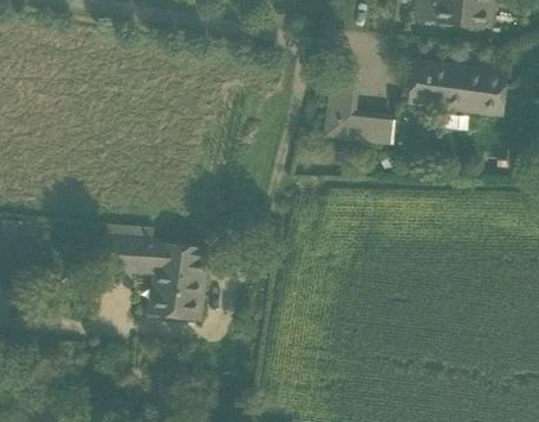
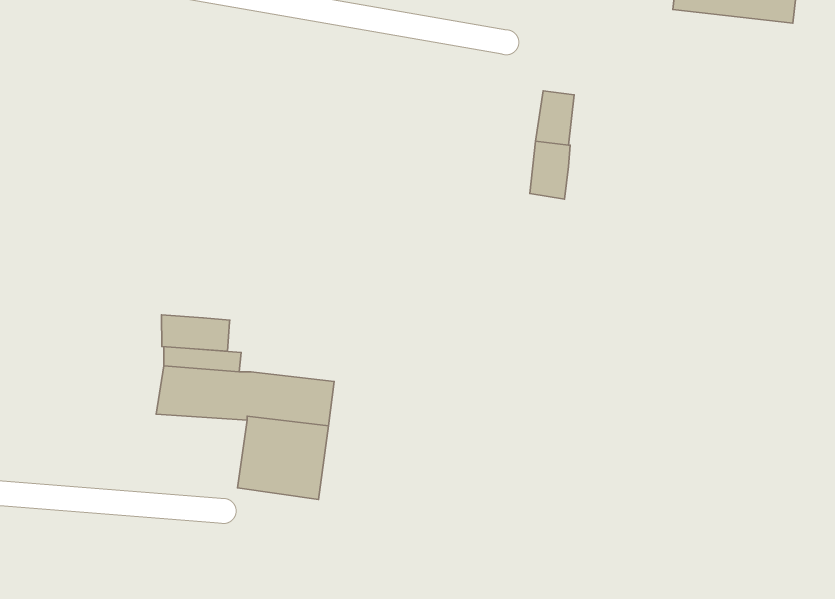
building: [408,63,507,115] -> none
building: [348,116,391,144] -> none
building: none -> [162,315,230,351]

